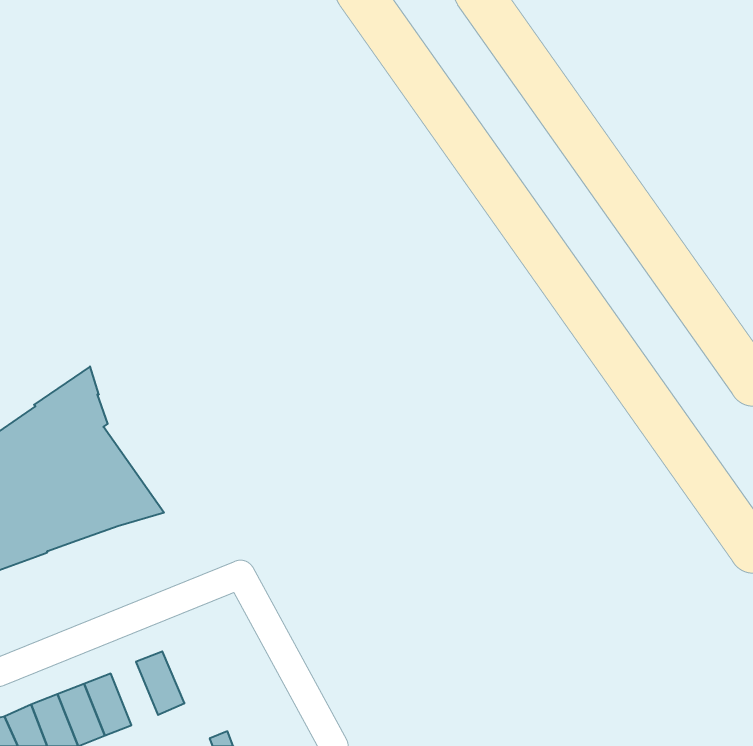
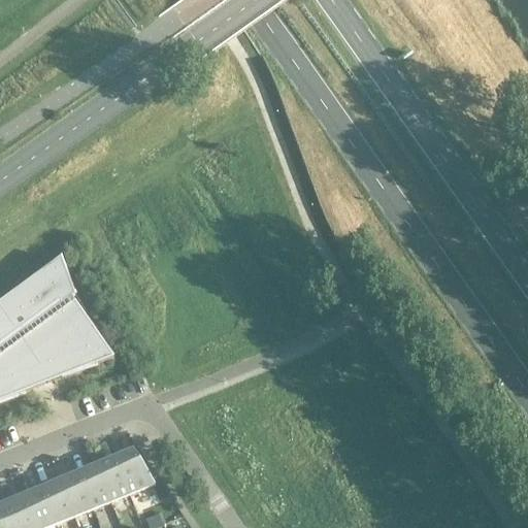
building: none -> [113,447,155,491]
building: none -> [77,462,110,506]

